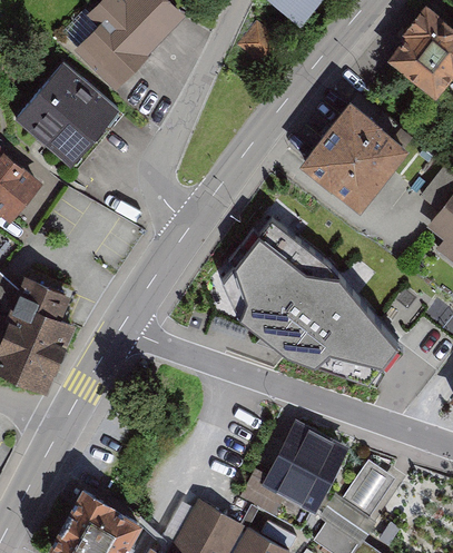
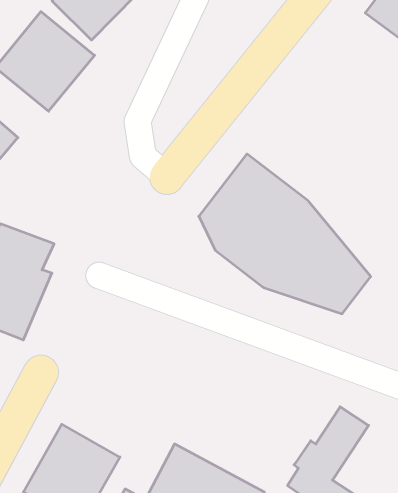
building: [301,93,411,205] -> none
building: [244,423,348,515] -> none

